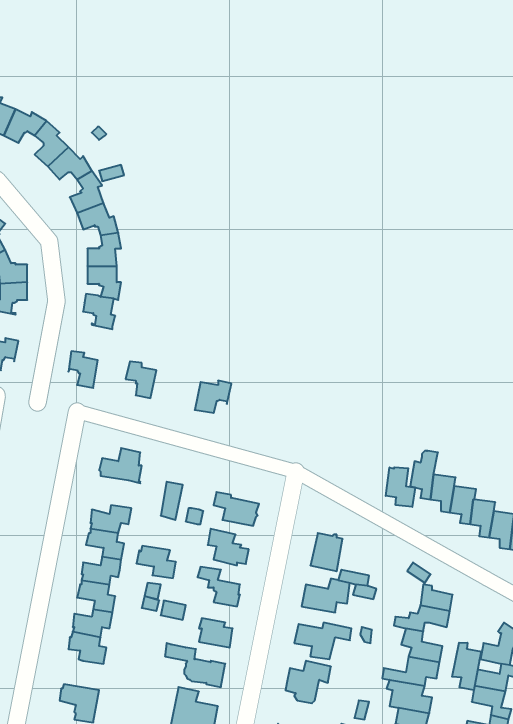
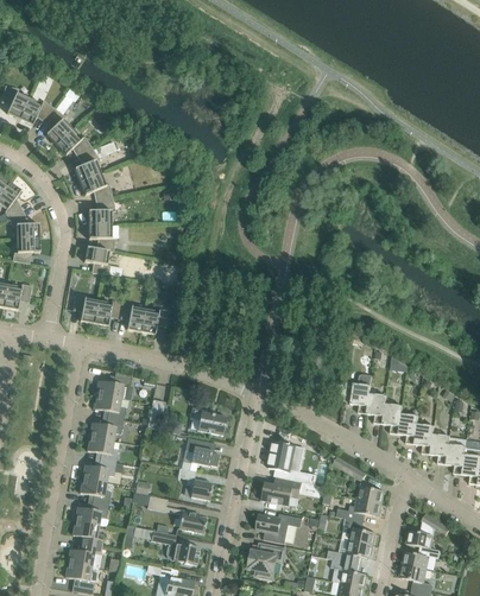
building: none -> [93,299,122,325]
building: [195,381,231,413] -> [139,307,169,334]
building: [386,467,415,507] -> none
building: [136,546,176,578] -> [94,394,126,420]
building: [452,643,481,690] -> none
building: none -> [68,543,101,568]

